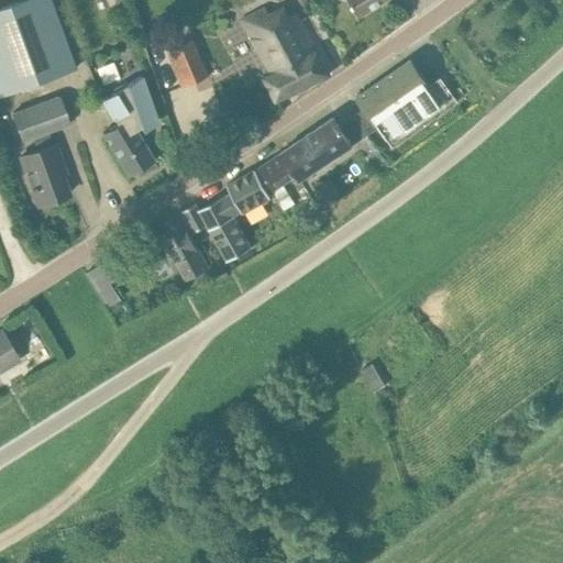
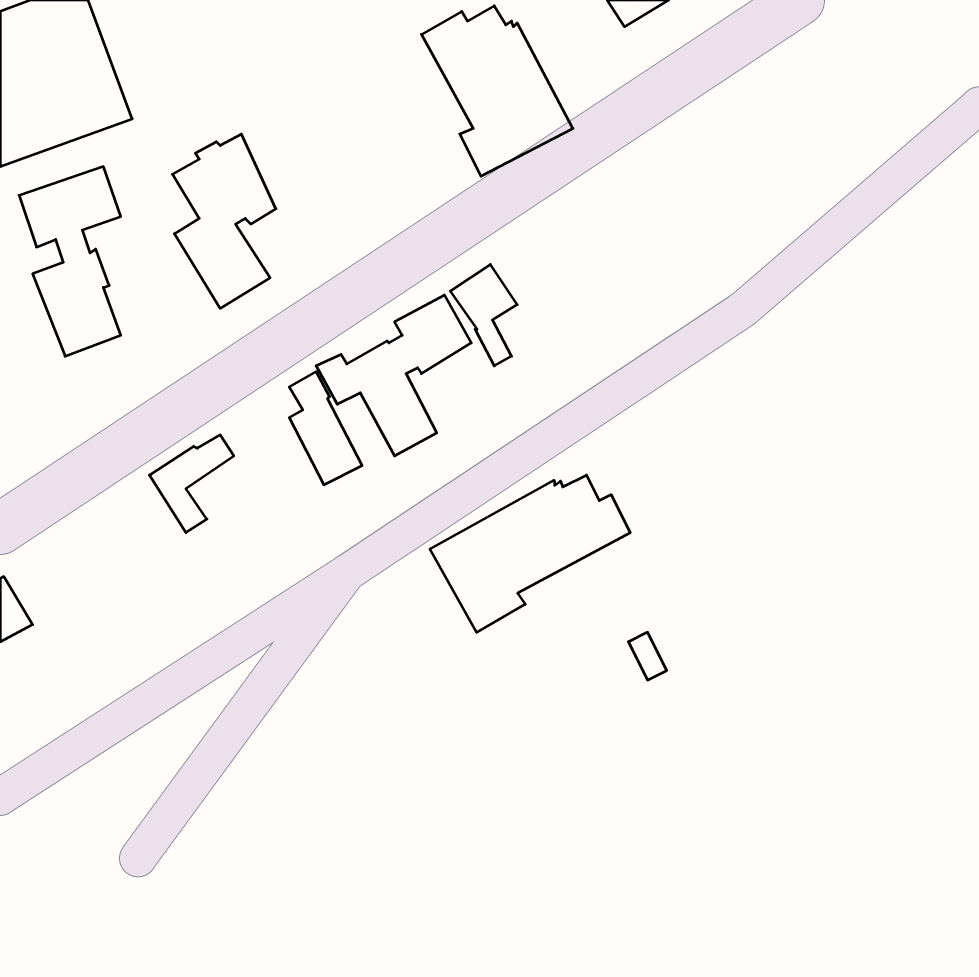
building: [164,40,208,88] -> none
building: [353,60,457,148] -> none
building: [282,118,352,176] -> none
building: none -> [430,475,630,632]

